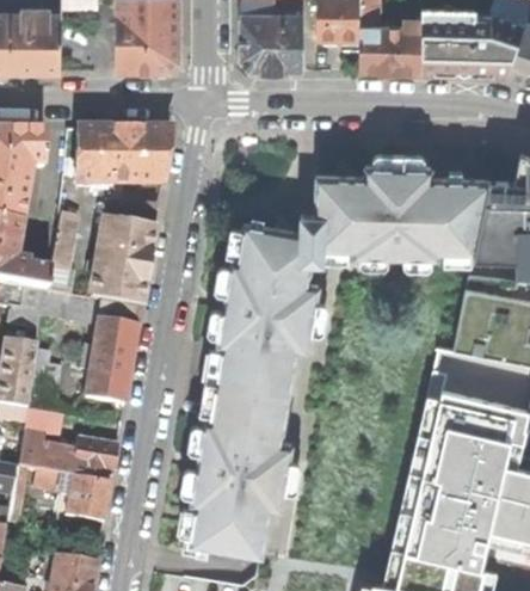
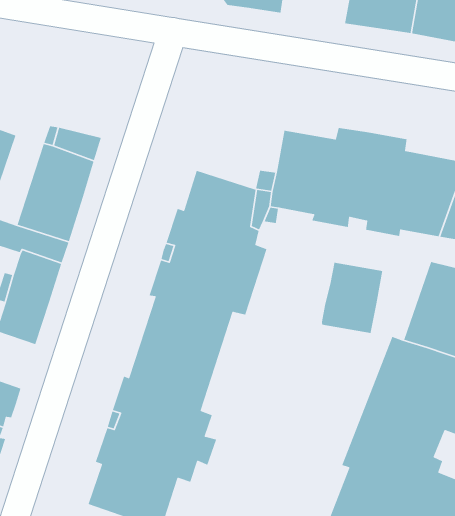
building: [75,130,168,184] -> none
building: none -> [321,262,383,334]

